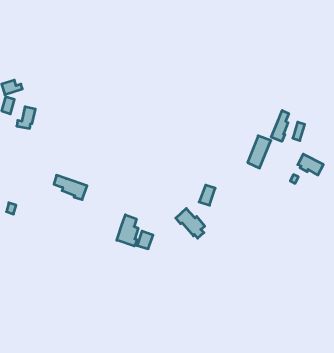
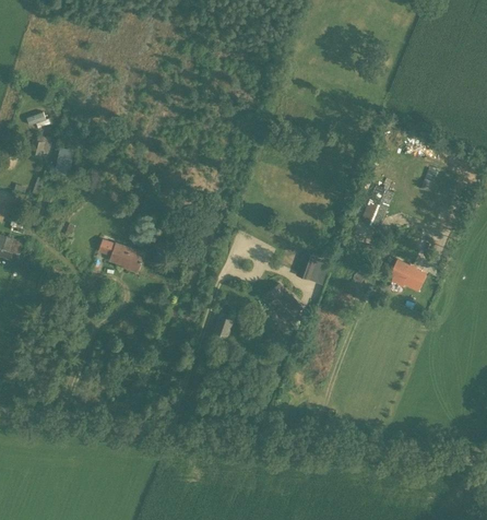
building: [271,110,289,141] -> none
building: [298,154,323,175] -> [390,261,425,289]
building: [117,215,138,246] -> none

